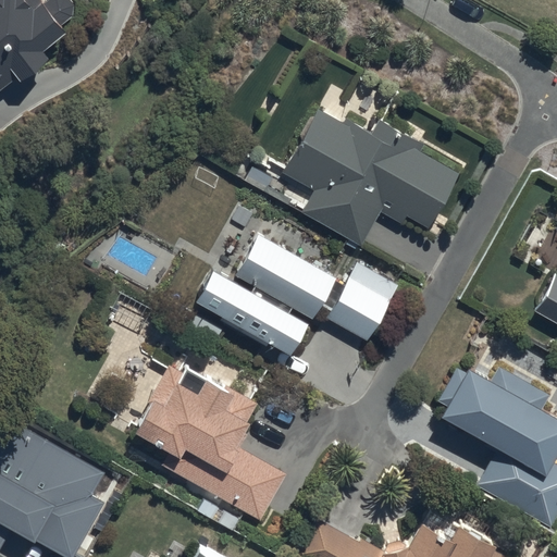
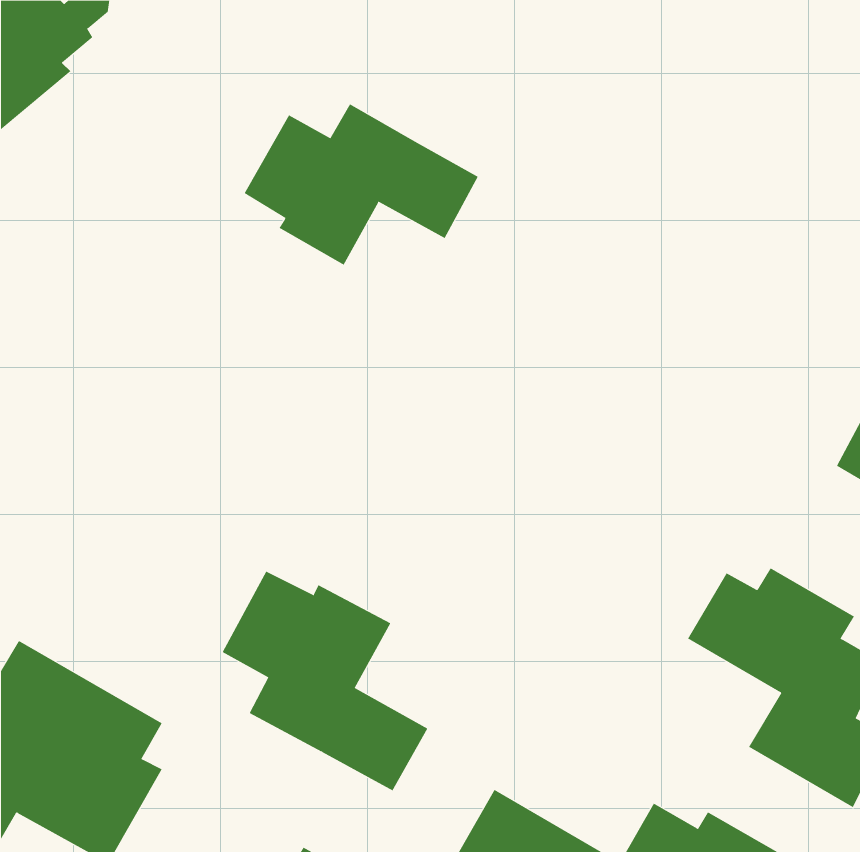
building: none -> [244,103,479,265]
building: [286,112,455,238] -> none
building: [194,238,383,343] -> none

